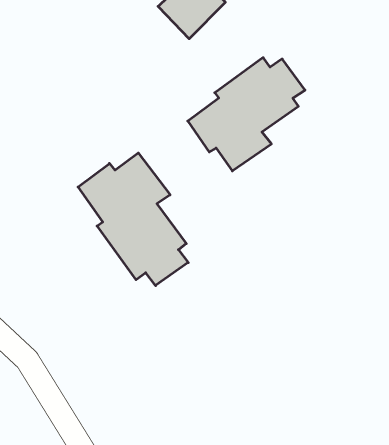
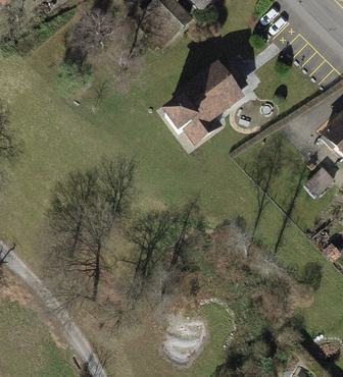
building: [78,153,188,286] -> none

